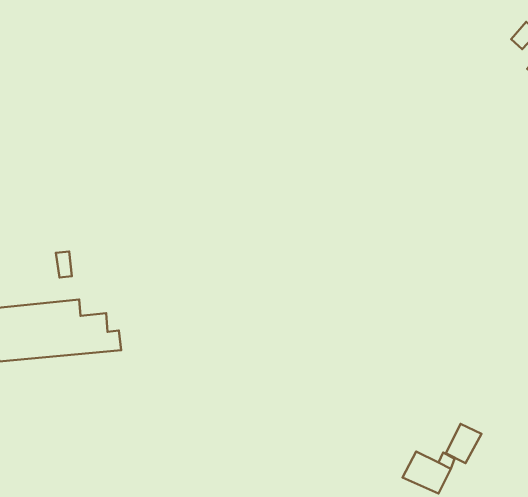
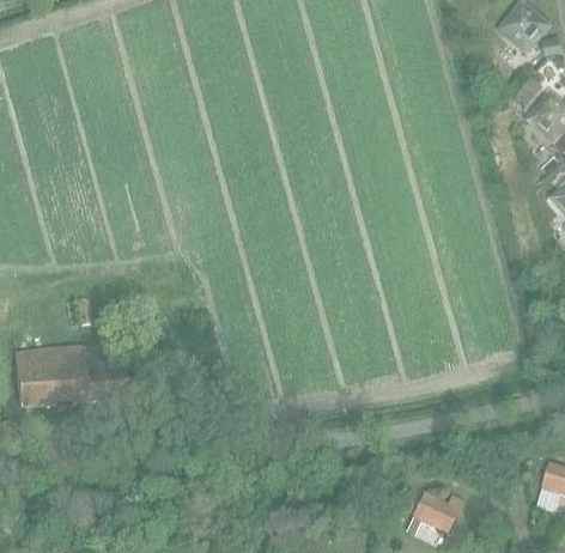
building: [446,424,481,463] -> none

